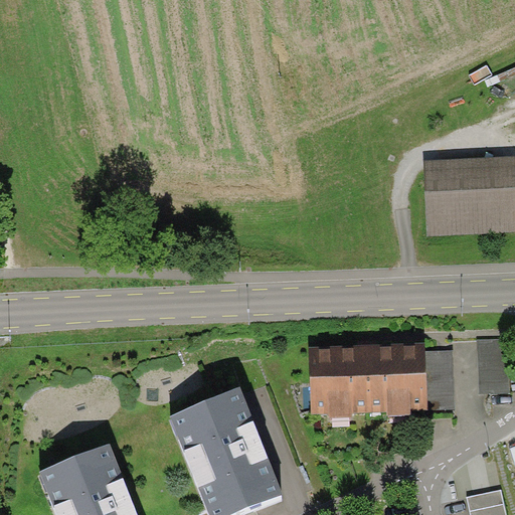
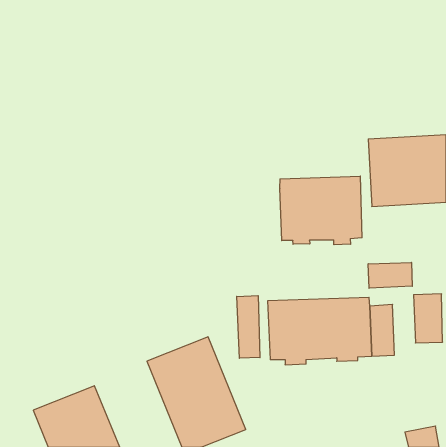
building: none -> [280,176,362,245]
building: none -> [368,262,412,288]
building: none -> [237,296,260,358]

